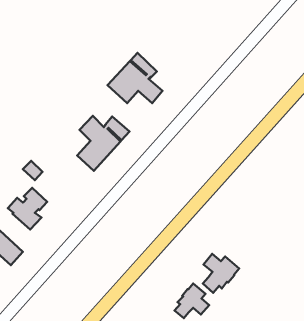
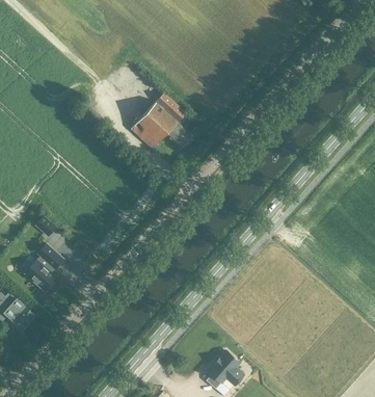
building: [77,116,130,171] -> none
building: [203,254,239,293] -> none

